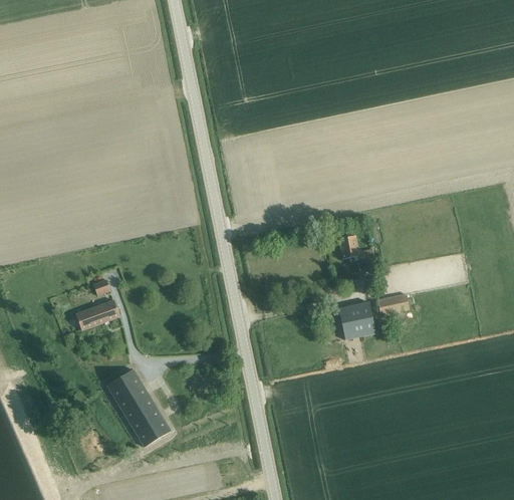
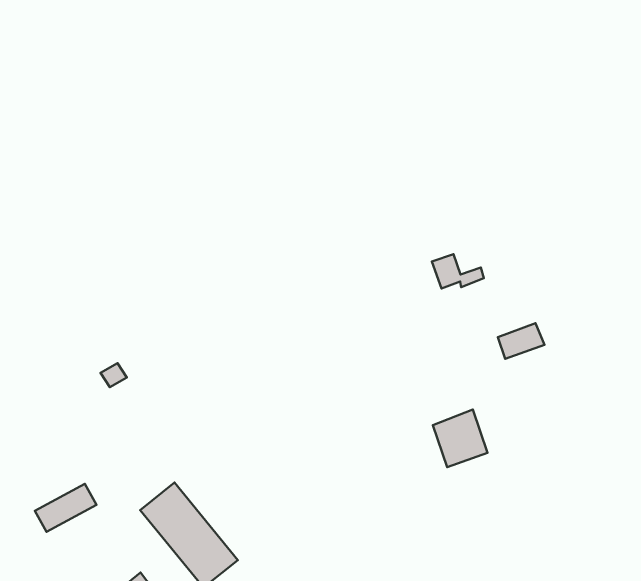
building: [75,299,119,329] -> [35,484,96,532]
building: [339,301,375,339] -> [433,410,488,467]

